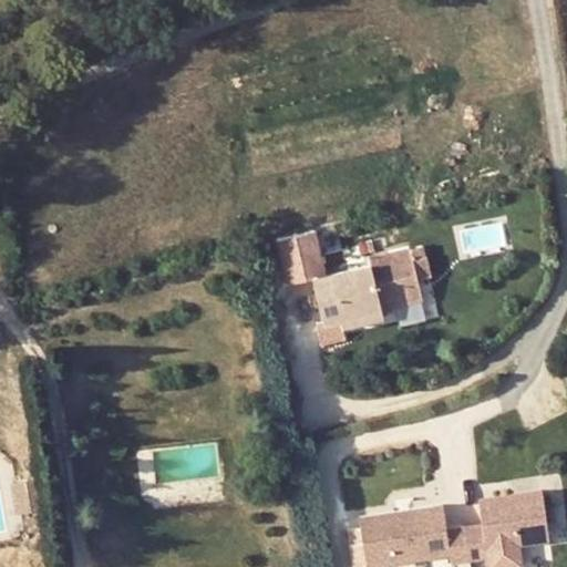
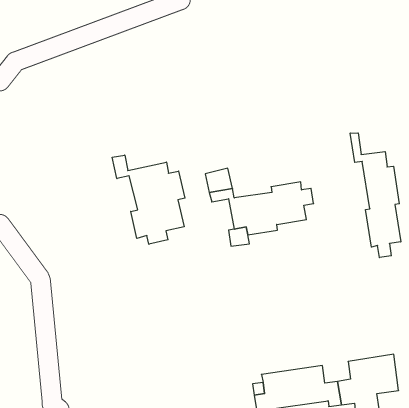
building: none -> [350,133,401,258]
building: none -> [112,155,185,244]

